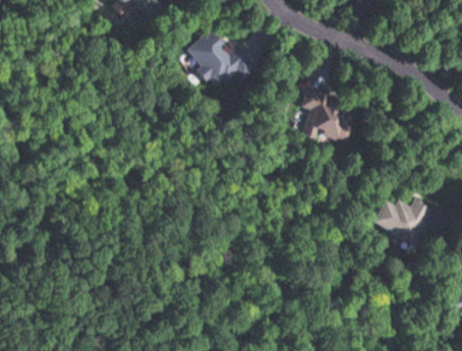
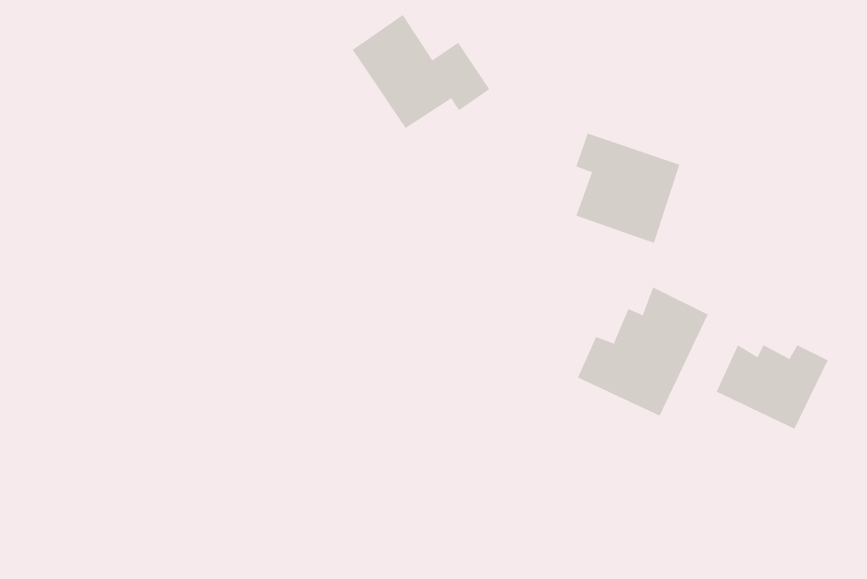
building: none -> [577,287,709,416]

